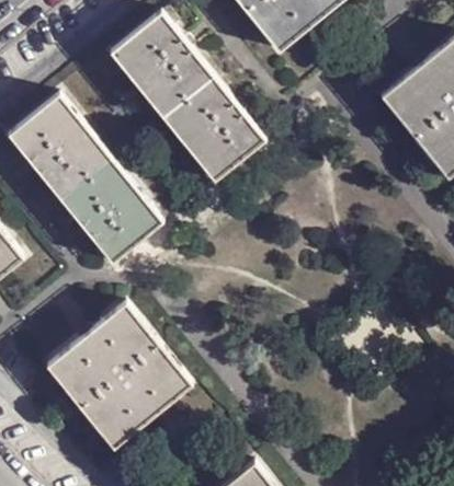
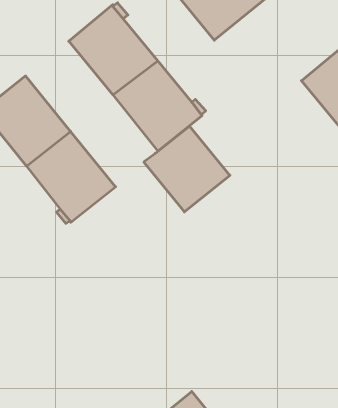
building: none -> [144,126,230,212]
building: [46,302,192,449] -> none

